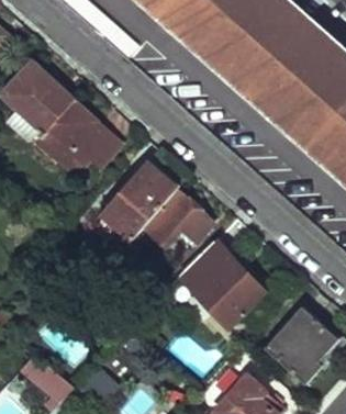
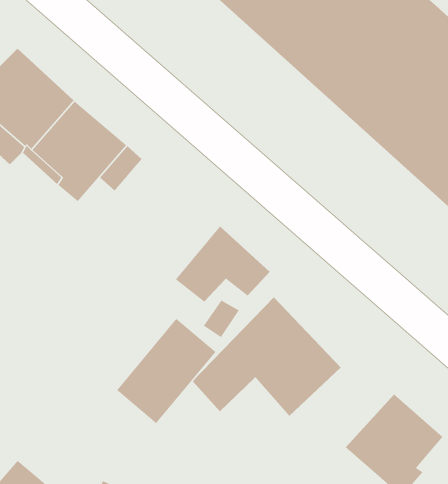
building: [105,166,177,242] -> [116,318,216,424]

